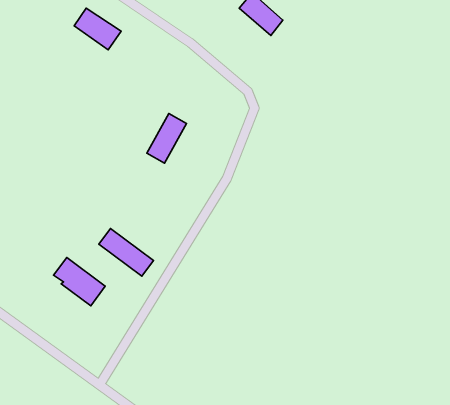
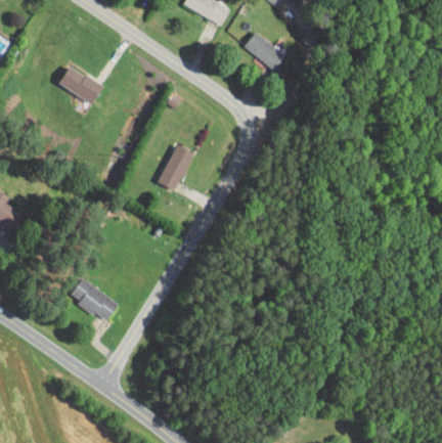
building: [74,8,121,50] -> [58,65,102,104]
building: [99,229,153,276] -> none

